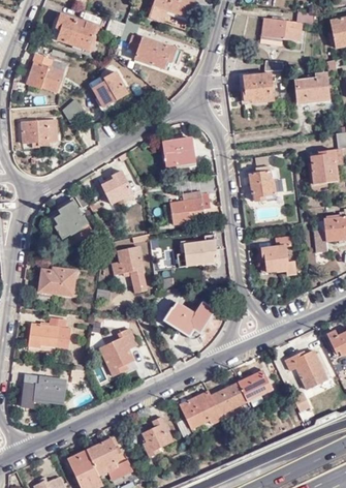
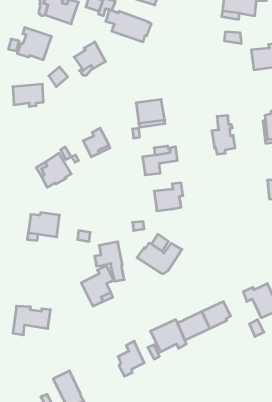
building: [243,73,274,103] -> none
building: [259,238,295,274] -> none
building: [112,246,146,292] -> [95,242,124,281]
building: [27,317,70,348] -> none
building: [86,438,133,481] -> none

